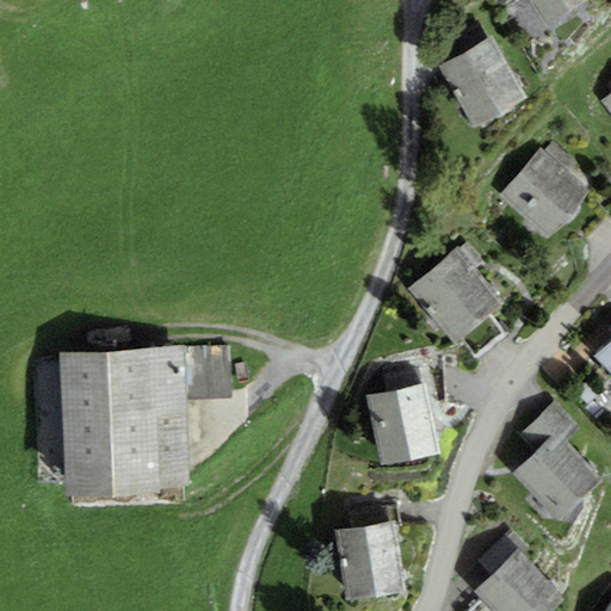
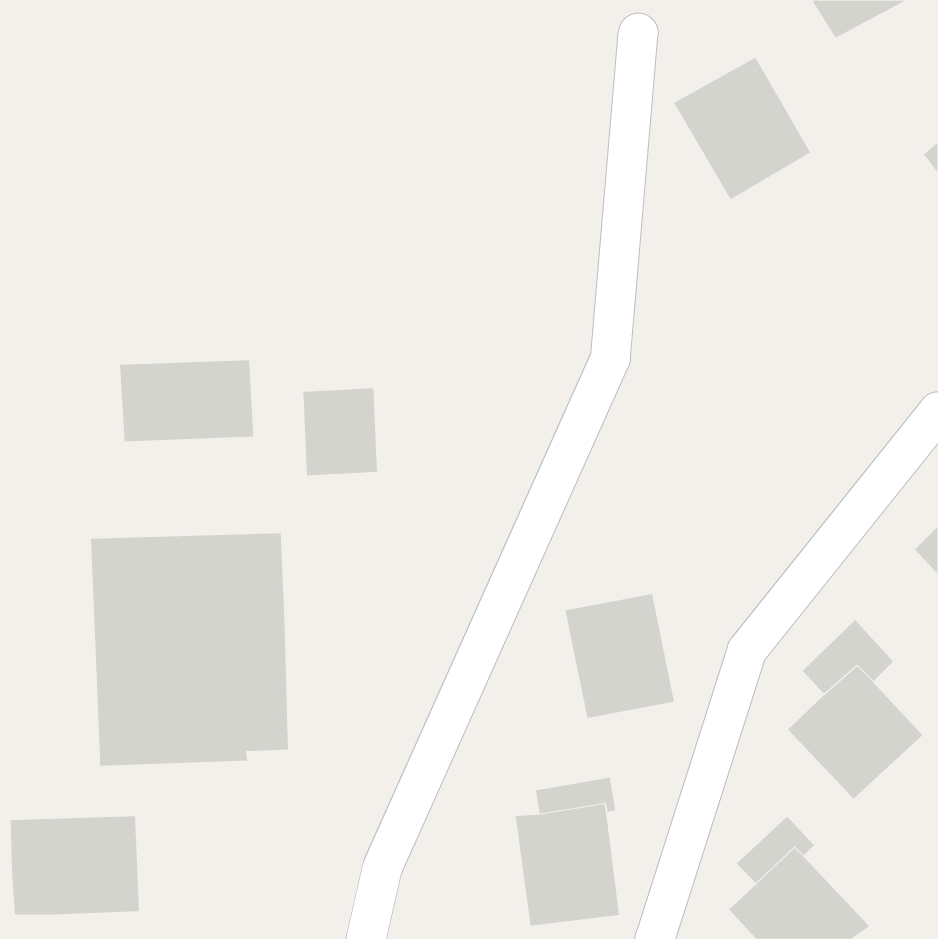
building: [499,142,588,239] -> none
building: none -> [120,359,254,442]
building: [407,241,505,357] -> none
building: [183,344,232,401] -> [302,388,378,476]
building: none -> [10,816,140,916]

